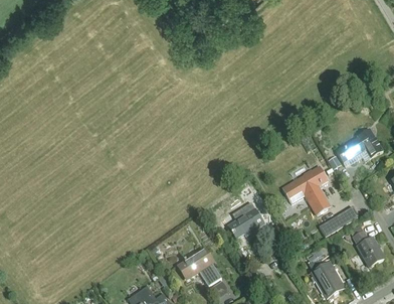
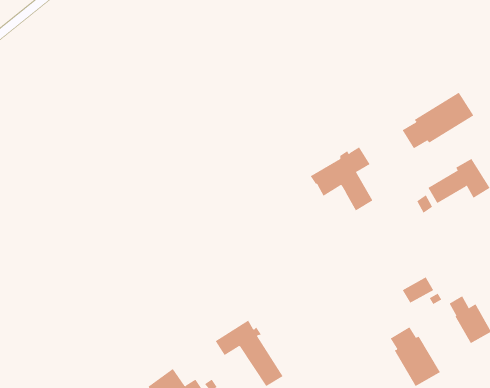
building: none -> [402,92,474,149]
building: [282,167,330,215] -> [310,147,373,211]
building: [228,209,264,240] -> none

